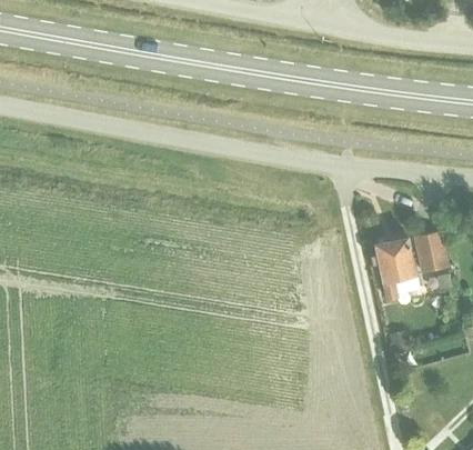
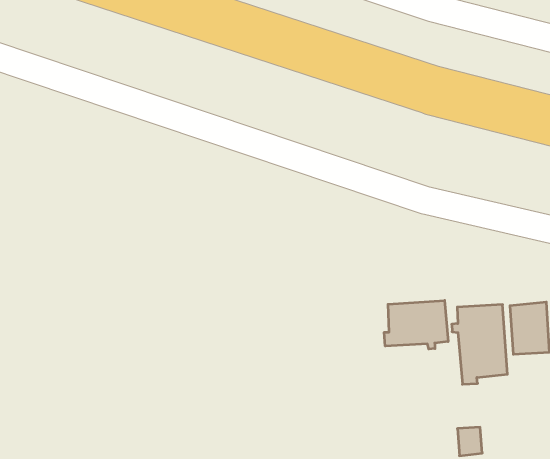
building: none -> [384,300,448,349]

